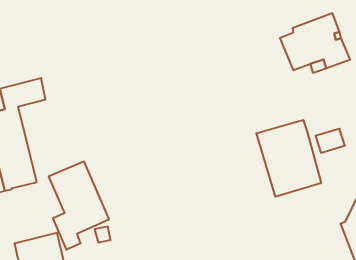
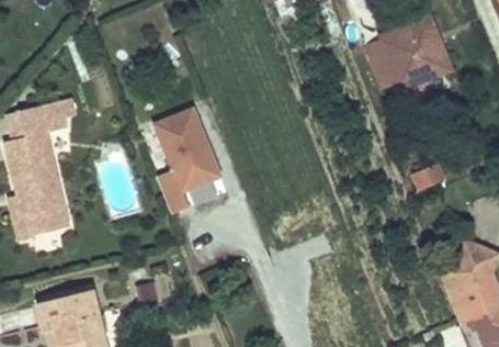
building: [256,120,321,197] -> none
building: [49,162,109,250] -> [150,107,225,215]

